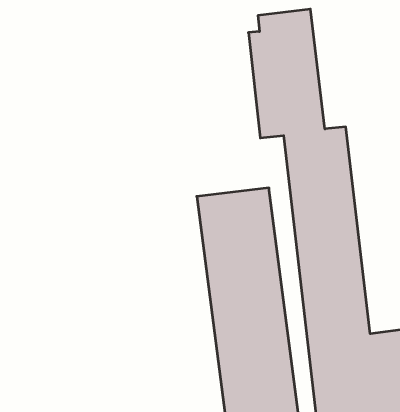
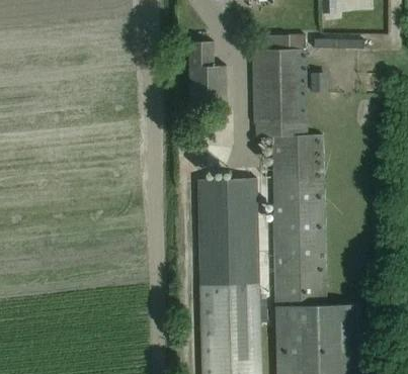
building: none -> [189,42,227,104]

